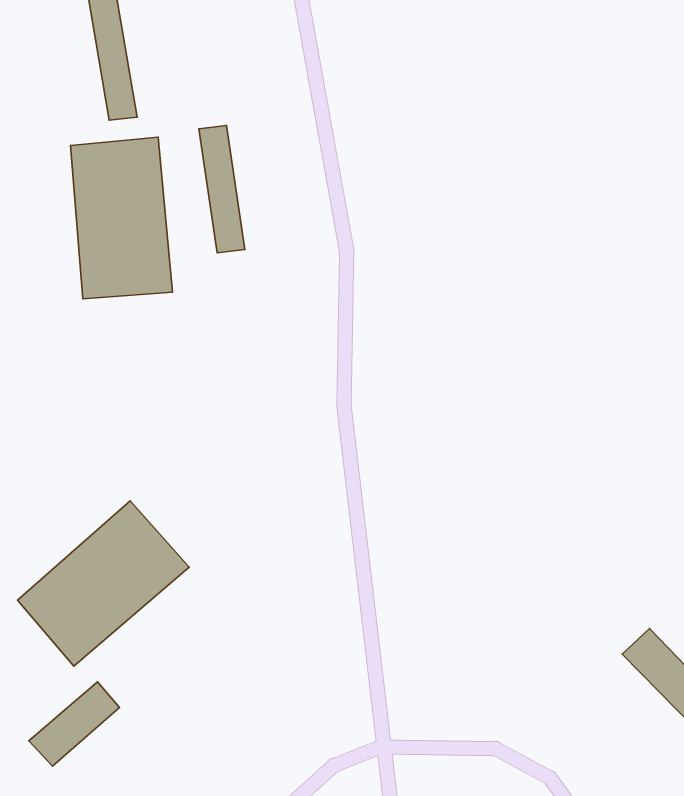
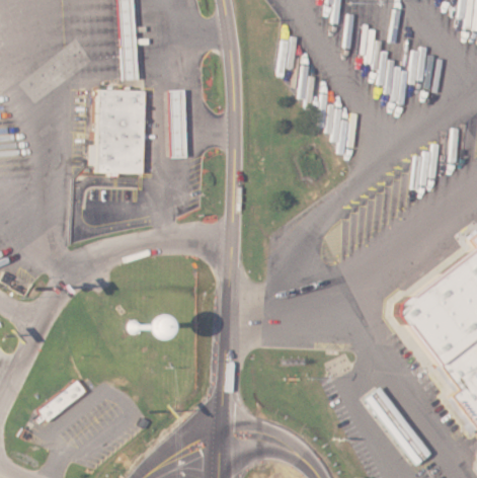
building: [17,501,189,666] -> none

